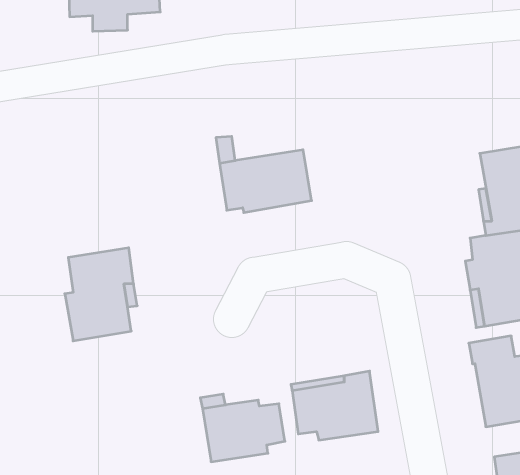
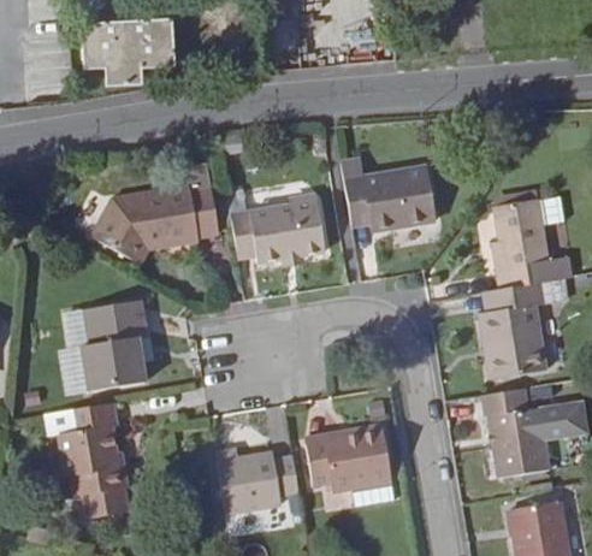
building: none -> [342,159,434,231]
building: none -> [94,185,219,261]
building: none -> [43,402,128,517]

